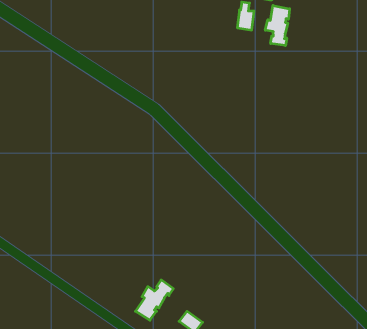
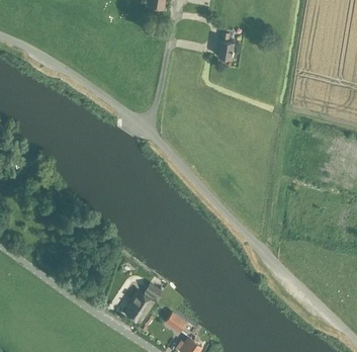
building: [265,5,290,46] -> none

